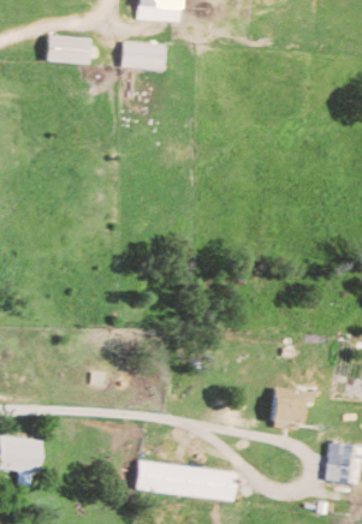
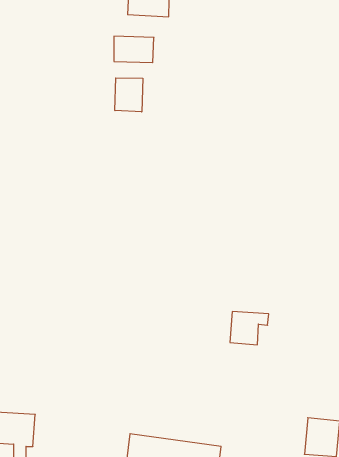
building: [48,35,90,62] -> none
building: none -> [115,78,143,112]
building: [272,388,313,423] -> [230,312,269,345]

